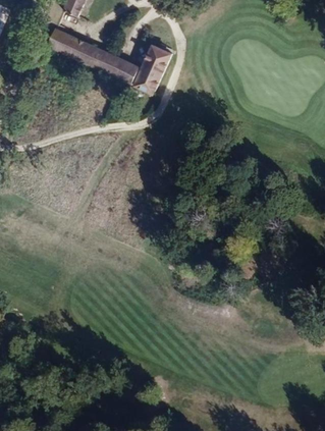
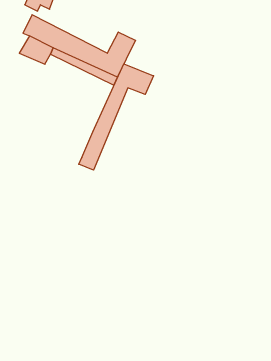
building: none -> [79,64,154,170]

